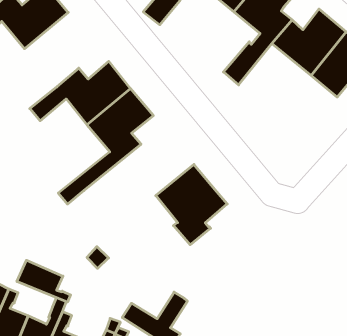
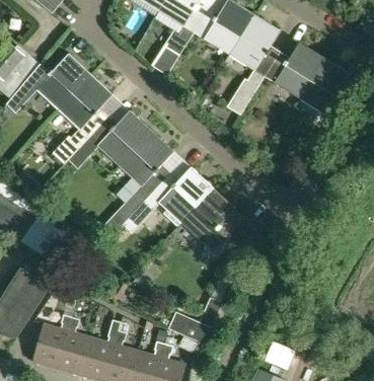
building: none -> [53,75,111,165]
building: none -> [123,168,212,232]
building: [17,260,71,302] -> none

